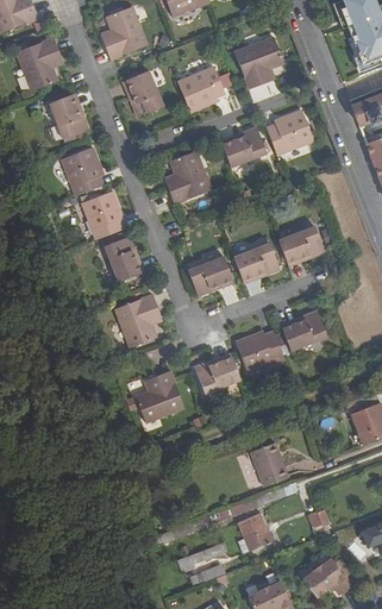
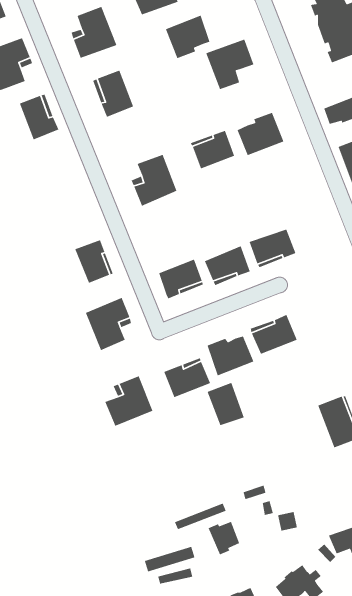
building: [179,67,224,111] -> [165,15,211,59]
building: [63,147,102,195] -> none
building: [84,190,124,238] -> none
building: [250,441,288,485] -> [206,382,245,426]

